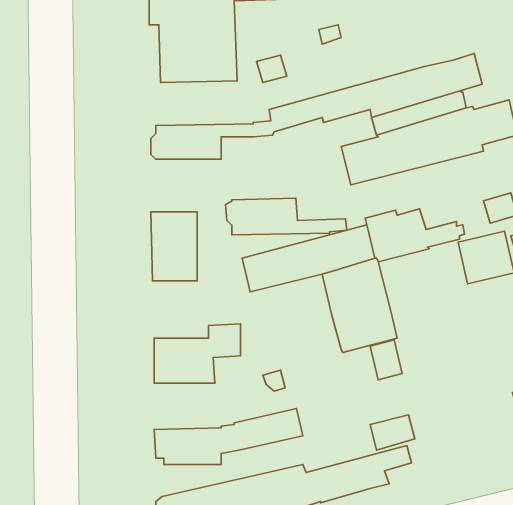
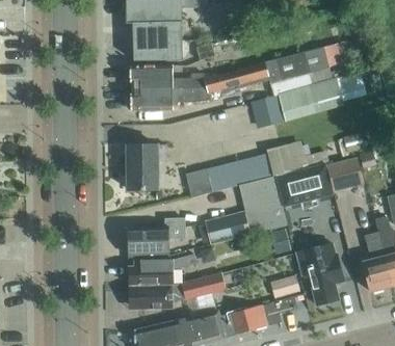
building: [225,198,347,235] -> [126,64,205,88]
building: none -> [274,164,332,209]
building: none -> [213,211,251,241]
building: none -> [296,243,343,304]
building: none -> [129,254,196,285]

